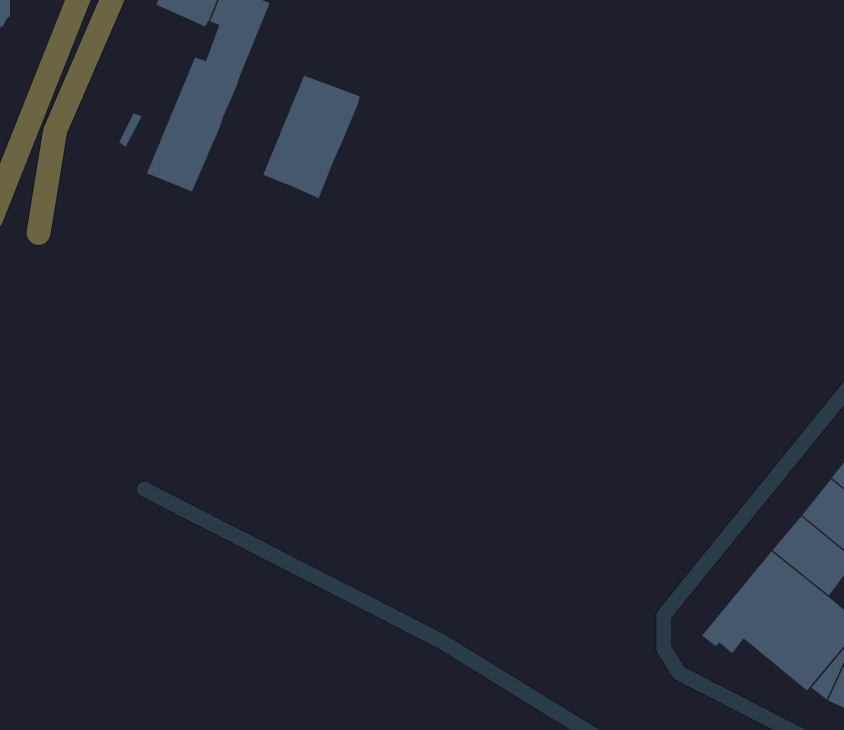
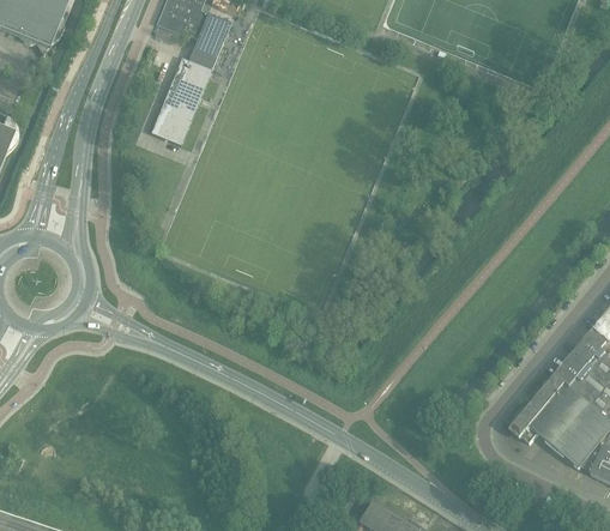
building: [263,75,360,199] -> none

